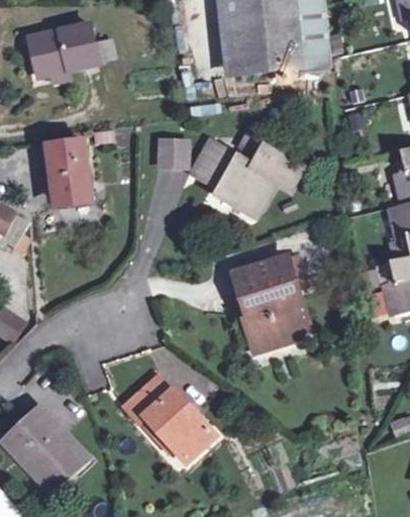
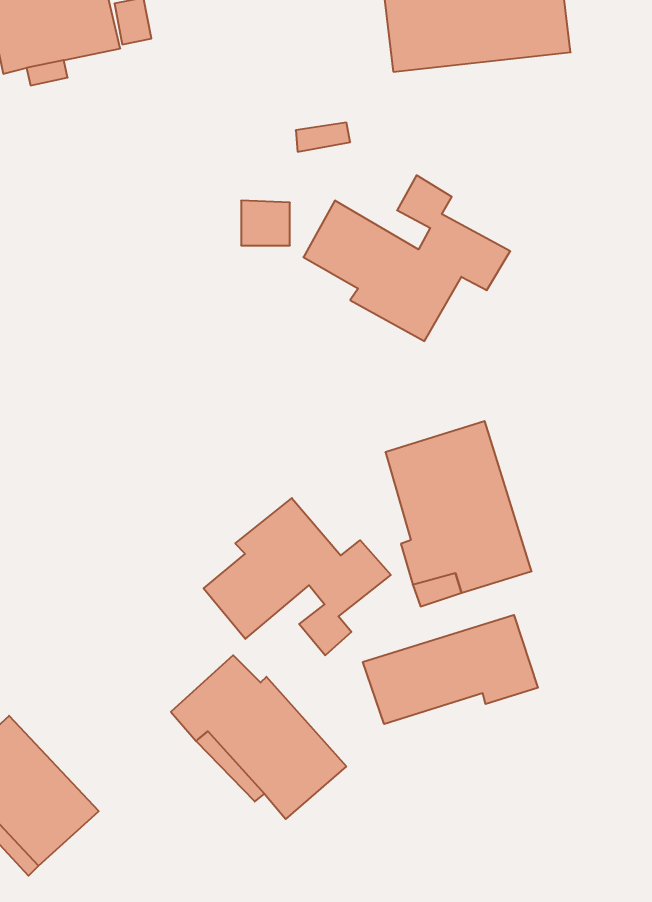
building: [48,139,89,202] -> none
building: none -> [204,498,391,655]
building: none -> [363,615,538,724]

